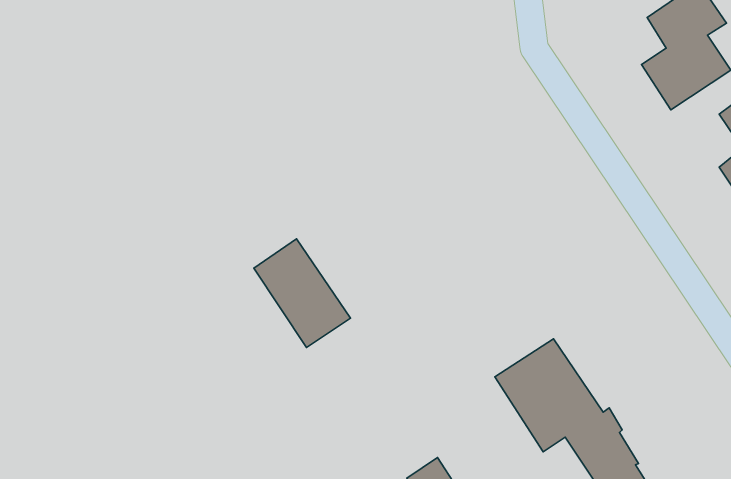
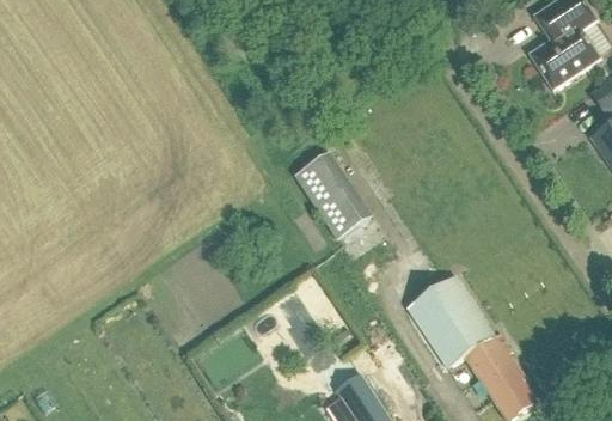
building: [254,239,351,348] -> [289,148,368,237]

